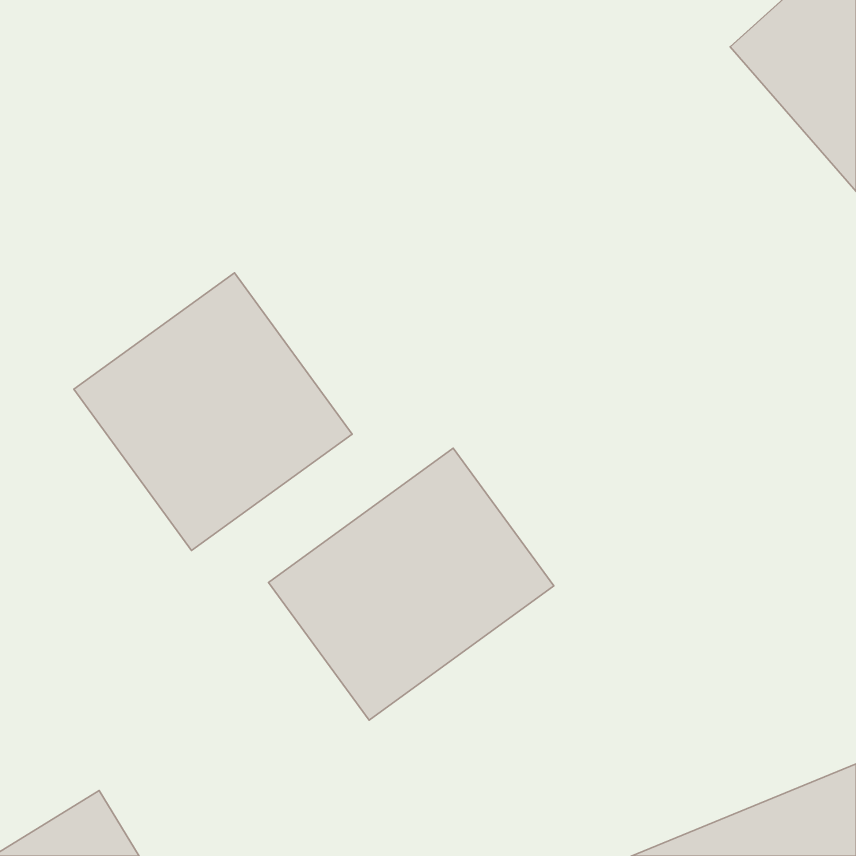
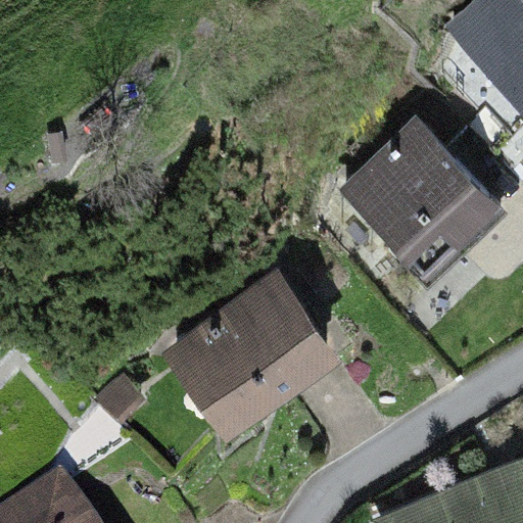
building: none -> [338,117,505,285]
building: [74,273,352,551] -> none

